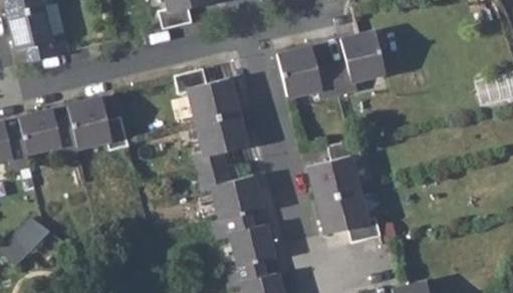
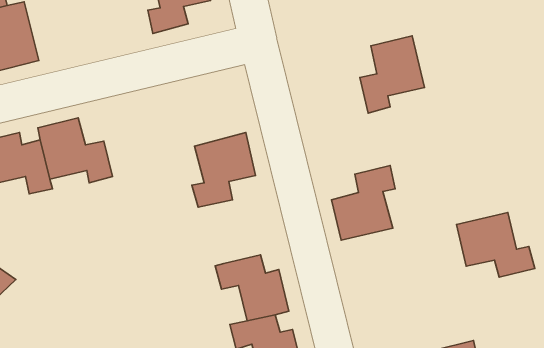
building: [278,46,339,98] -> none
building: [176,67,239,121] -> none
building: [200,166,263,218] -> none
building: [317,189,381,242] -> [456,212,535,277]

